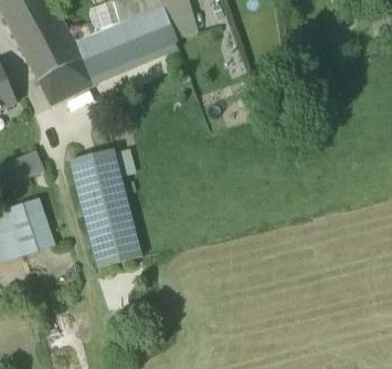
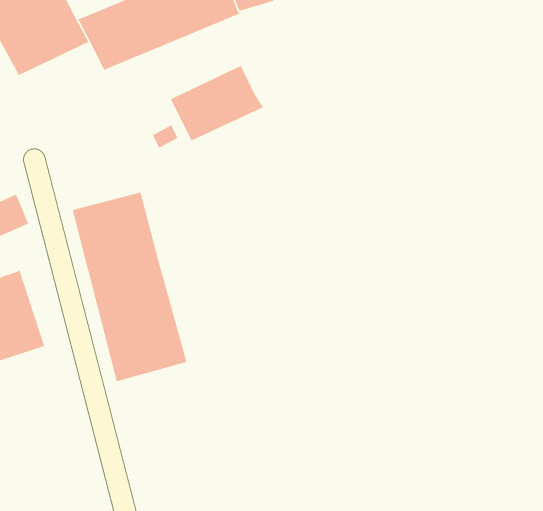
building: [38,56,96,104] -> [170,65,264,141]

